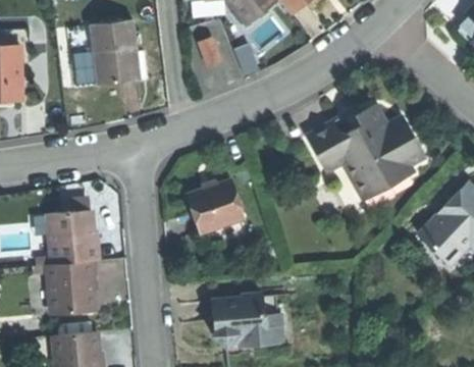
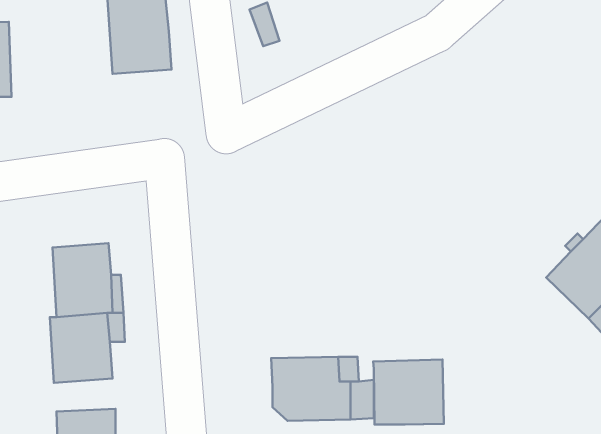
building: [309,105,425,201] -> none
building: [188,180,246,232] -> none
building: none -> [373,359,444,424]

